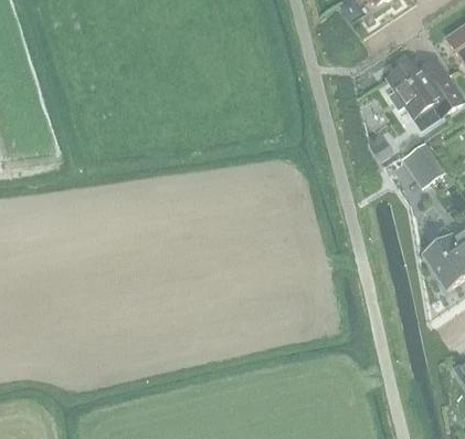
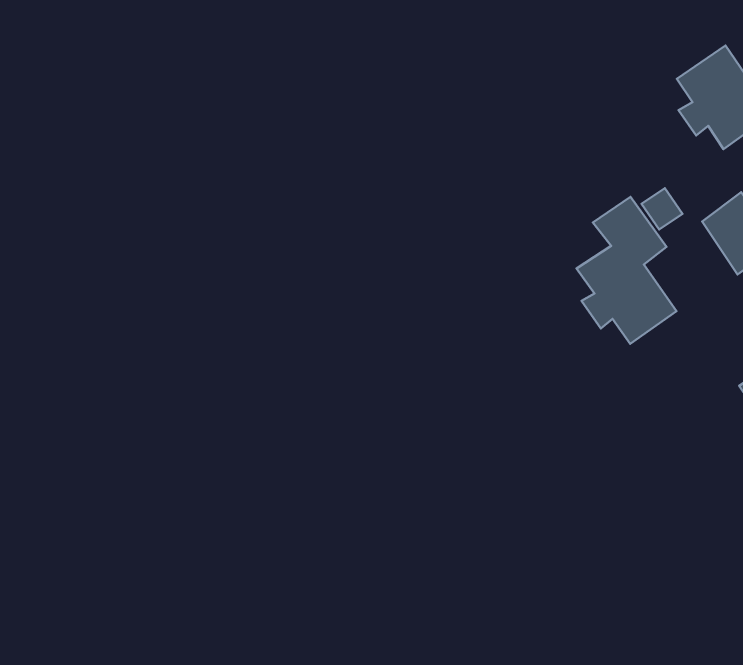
building: none -> [577,197,677,344]

